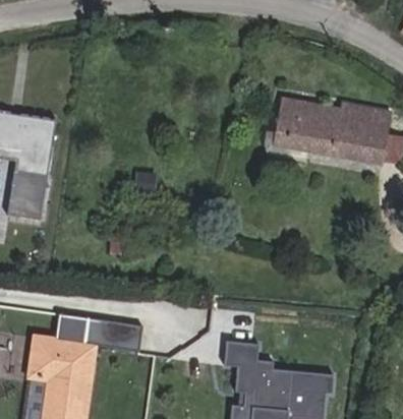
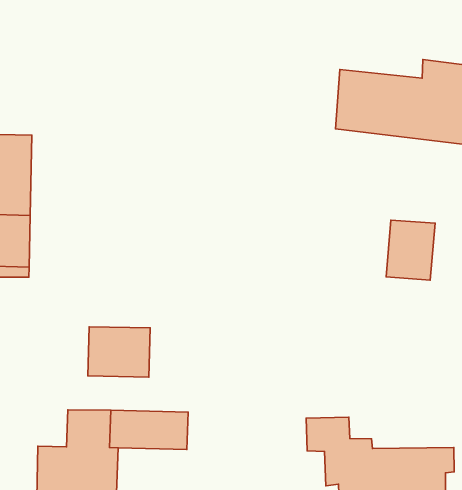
building: none -> [386,220,435,280]
building: none -> [88,327,150,377]

